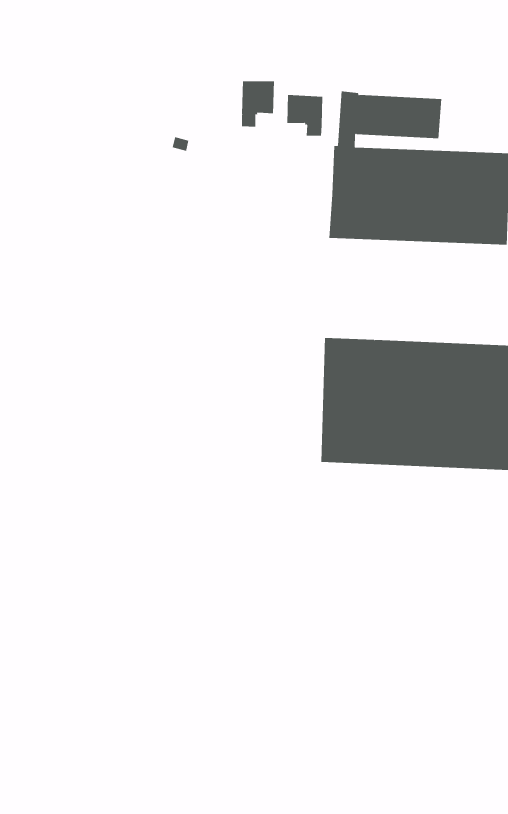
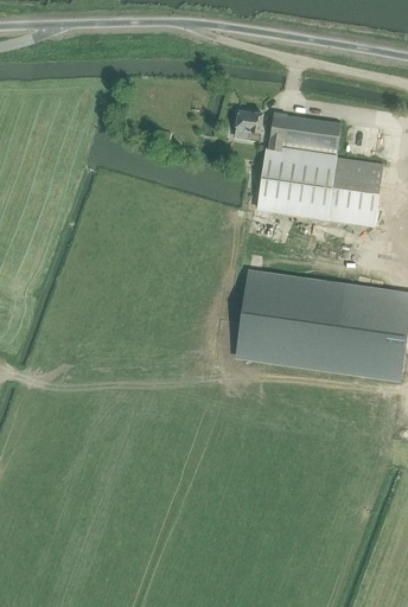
building: [242,81,274,128] -> none

